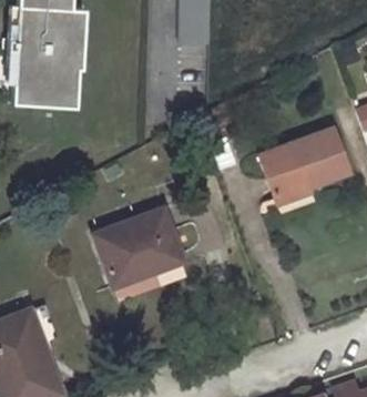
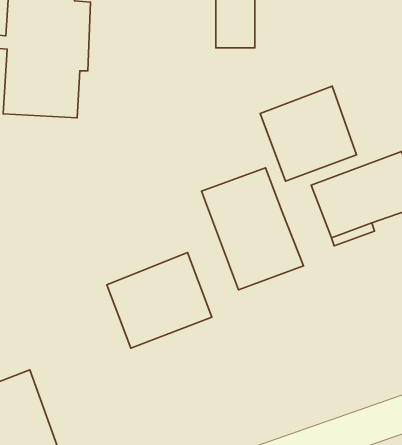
building: none -> [260,86,356,181]
building: none -> [202,168,304,290]

